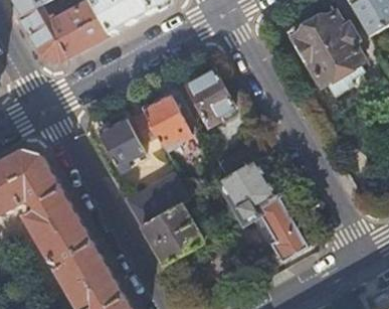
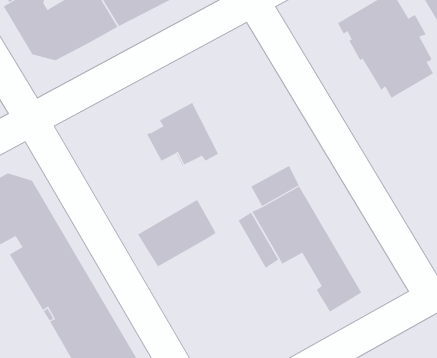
building: [186,71,232,126] -> none
building: [98,120,144,174] -> none
building: [141,205,208,265] -> none

